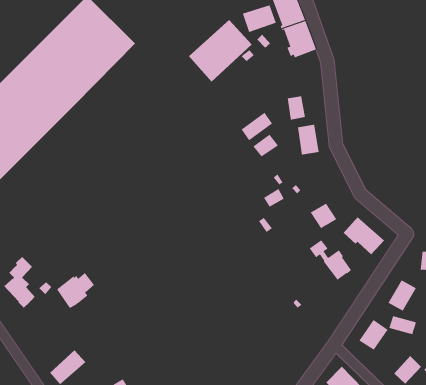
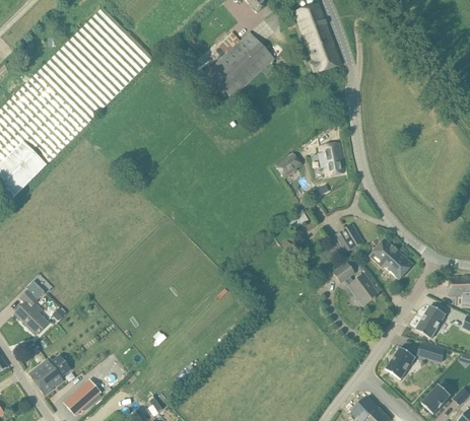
building: [242,4,277,33] -> none
building: [287,96,305,121] -> none
building: [241,112,273,141] -> none
building: [56,272,95,309] -> [28,355,69,394]

